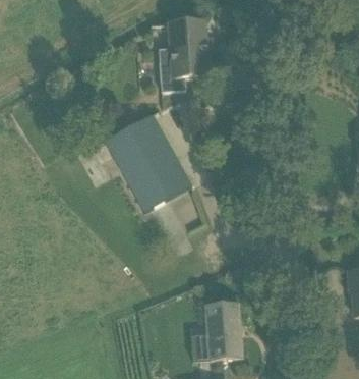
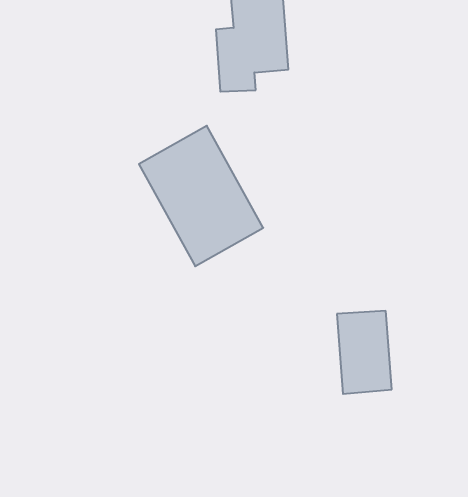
building: [204,303,242,360] -> [337,311,392,394]

